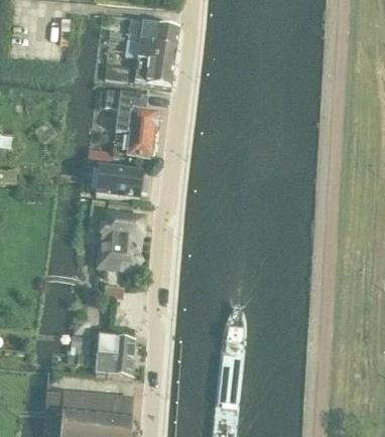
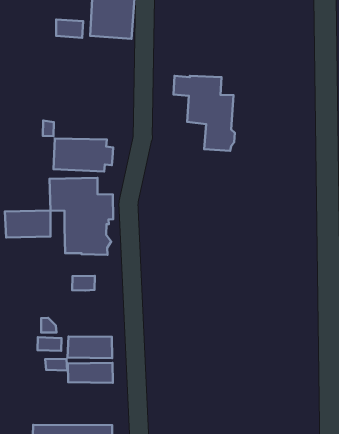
building: [103,89,154,156] -> [173,76,235,151]
building: none -> [5,210,50,238]
building: [48,391,130,414] -> none

